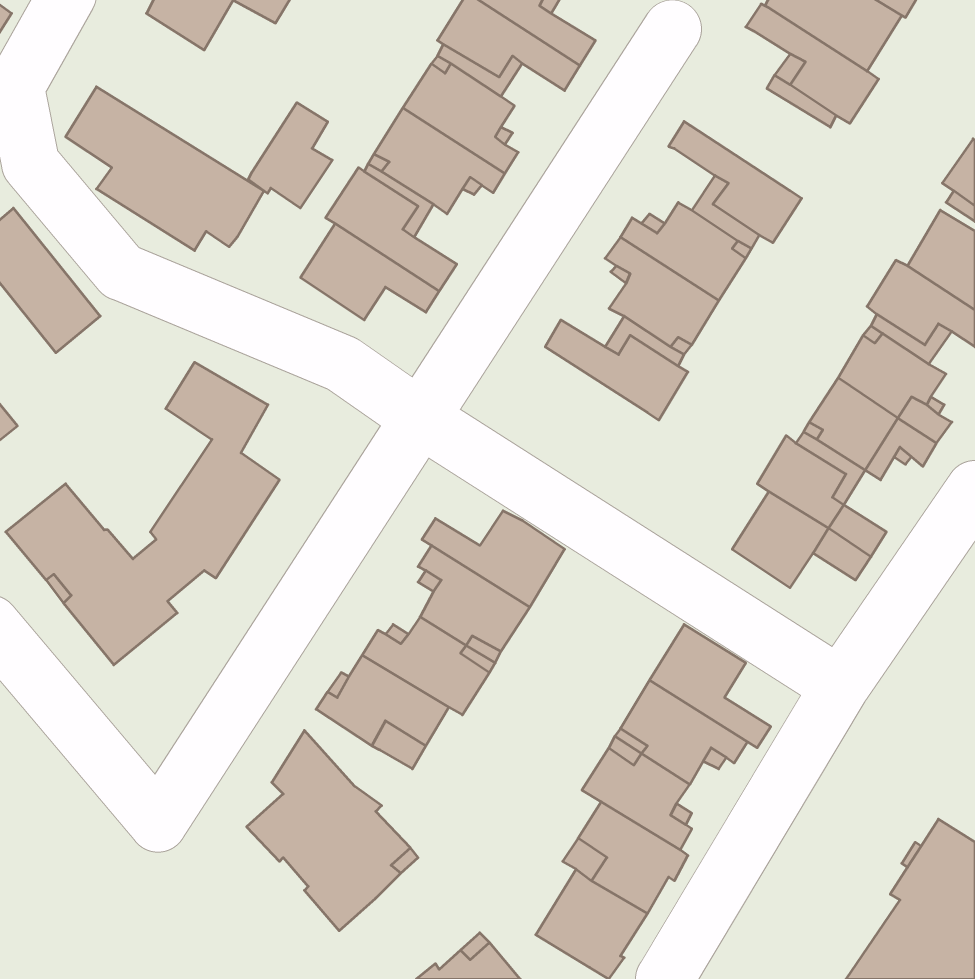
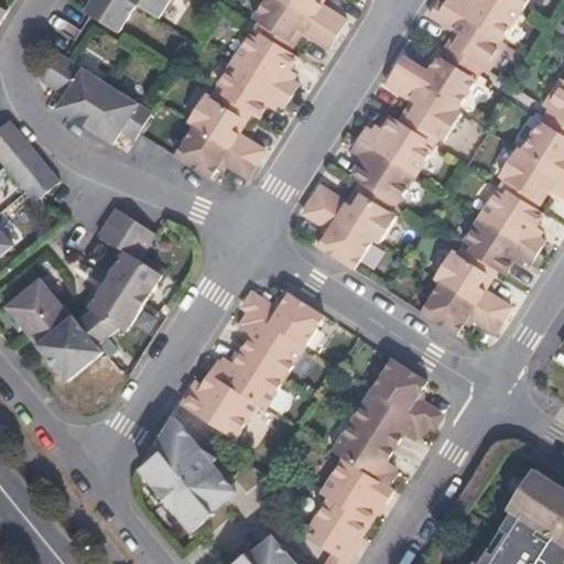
building: none -> [391,54,471,109]
building: [248,103,332,208] -> none
building: none -> [304,198,370,269]

